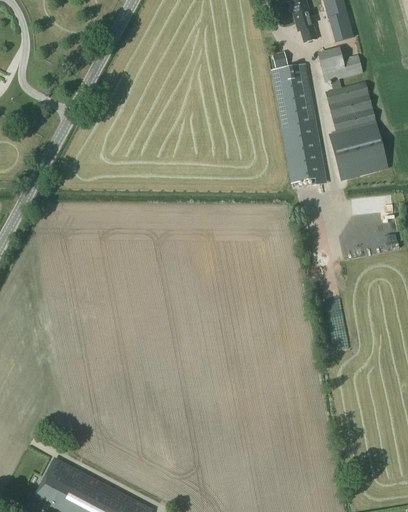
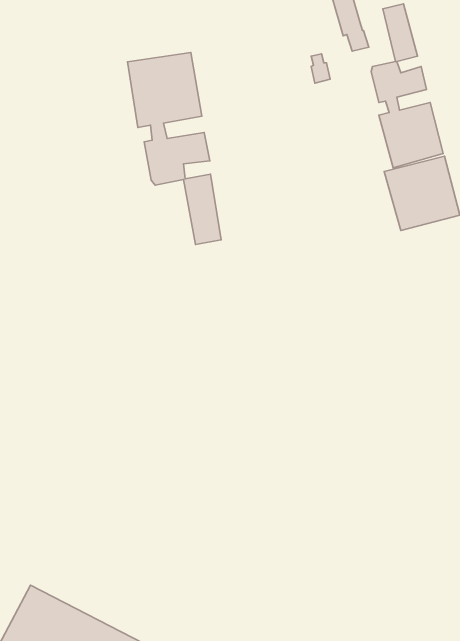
building: none -> [127,53,221,244]
building: [271,62,325,181] -> none

